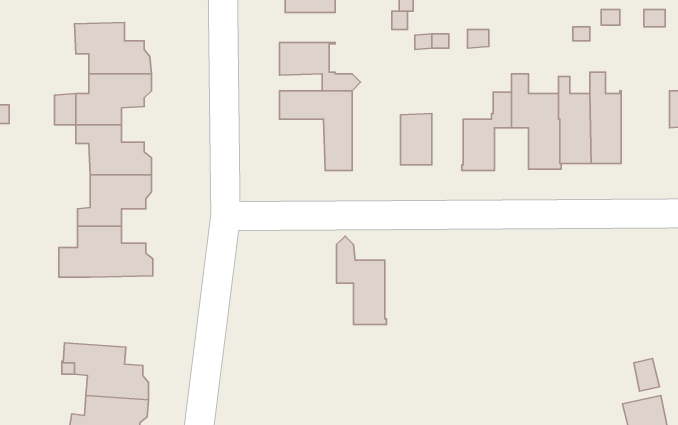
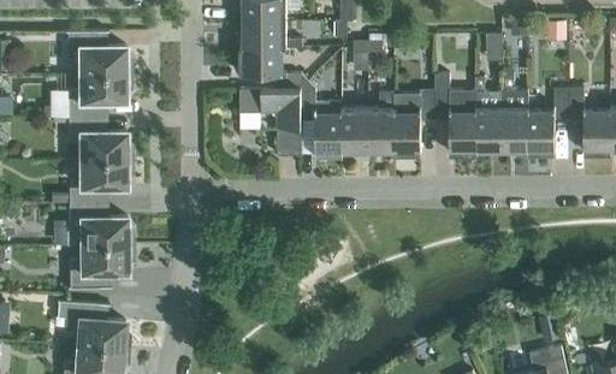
building: none -> [243,22,302,47]
building: none -> [527,88,568,154]
building: none -> [367,91,393,150]
building: [337,236,386,324] -> [300,81,342,155]
building: none -> [67,244,131,287]

